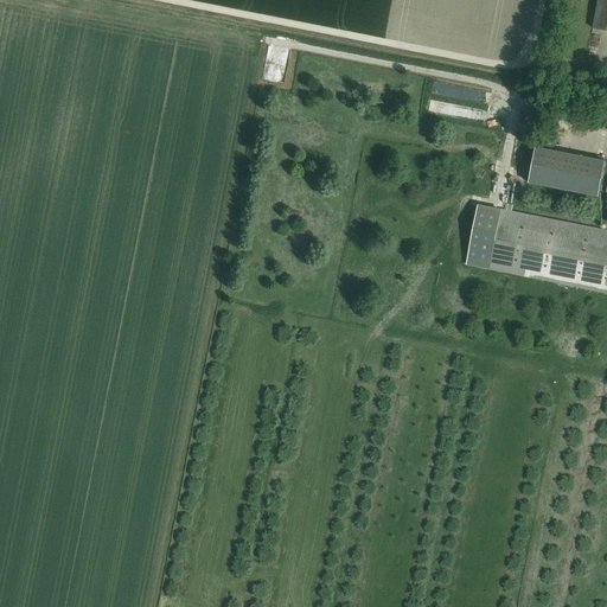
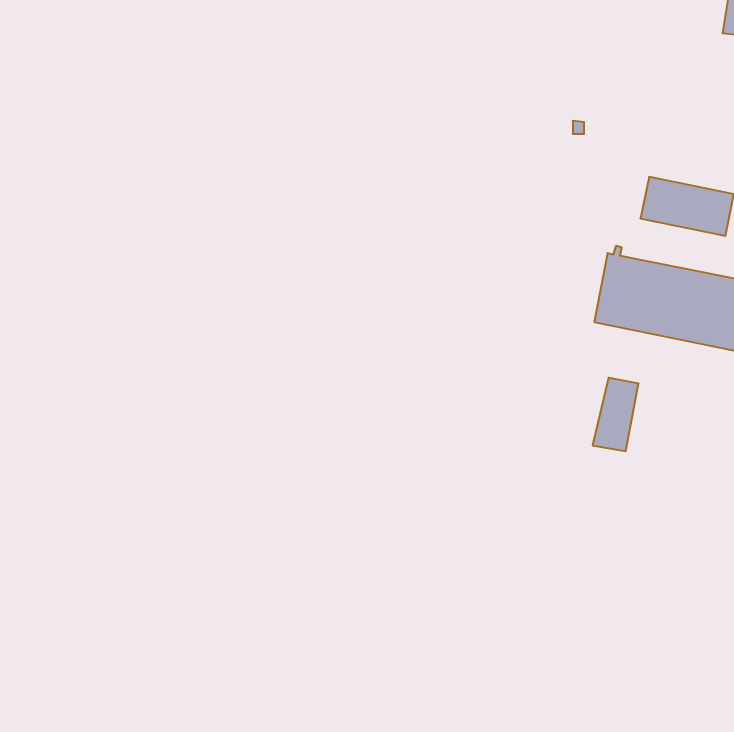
building: [464,204,501,264] -> [593,378,639,451]

